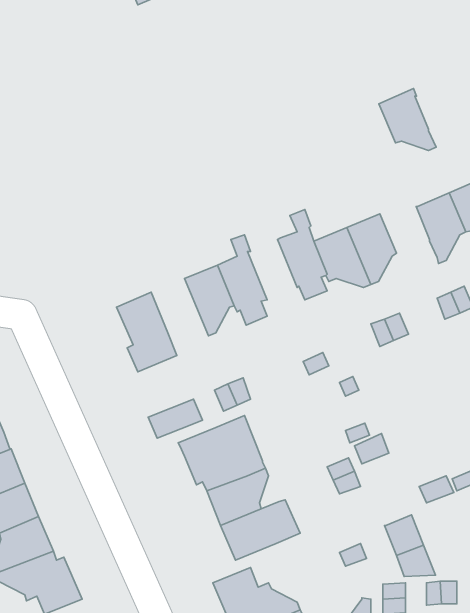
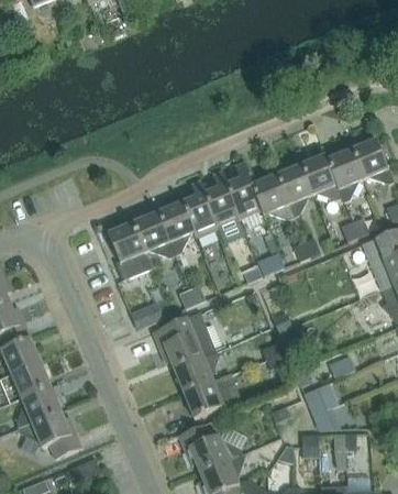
building: [379,89,436,150] -> [300,154,342,199]
building: none -> [203,171,240,237]
building: none -> [133,212,175,256]

